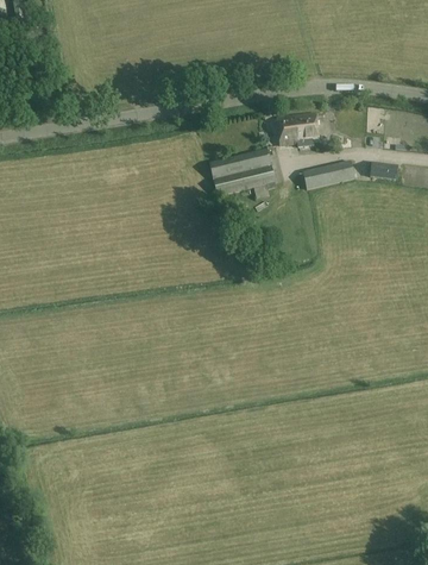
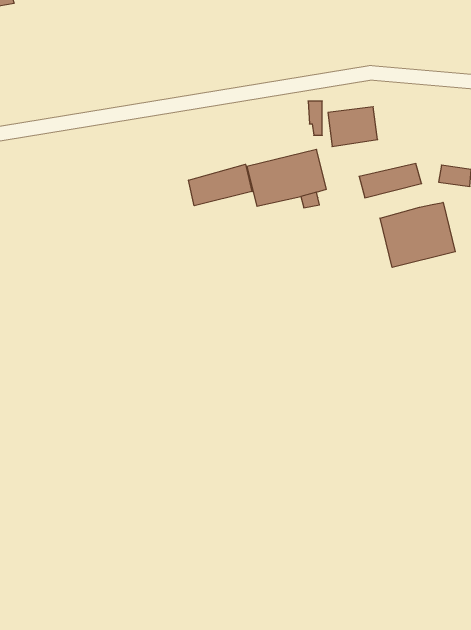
building: none -> [189,164,252,206]
building: none -> [380,202,455,267]

